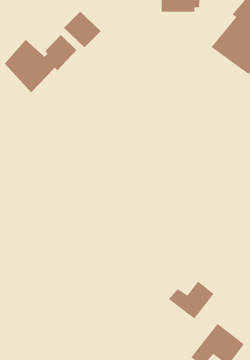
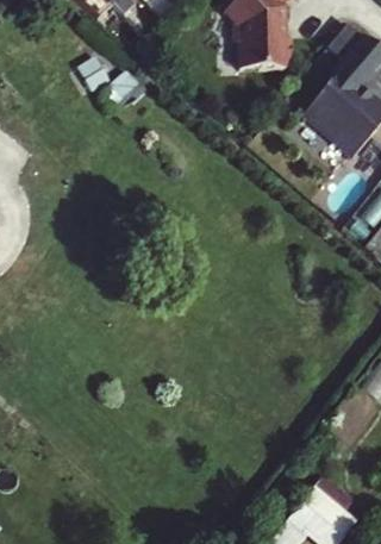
building: [4,34,77,93] -> none
building: [168,281,215,319] -> none

